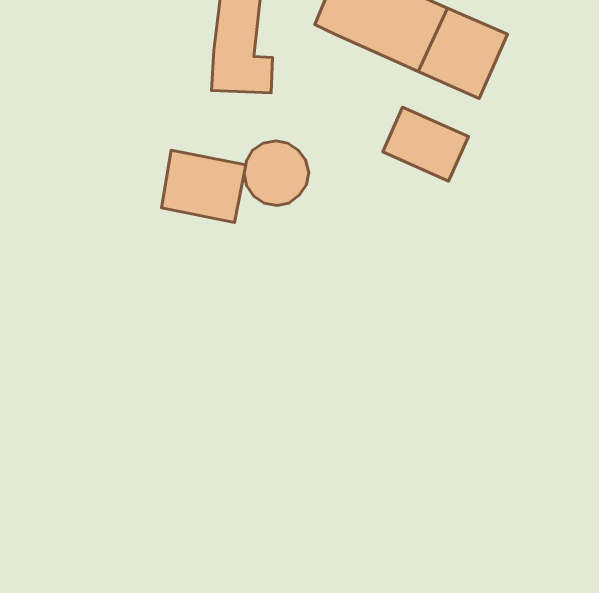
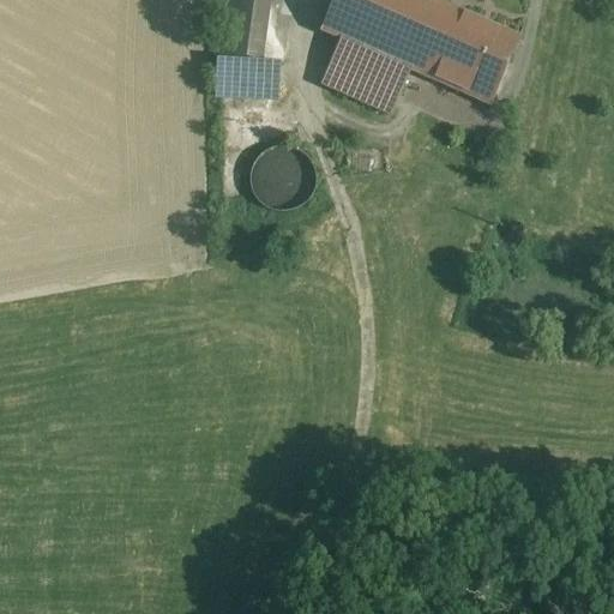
building: [383,107,468,181] -> [321,35,409,110]
building: [161,150,246,223] -> none

